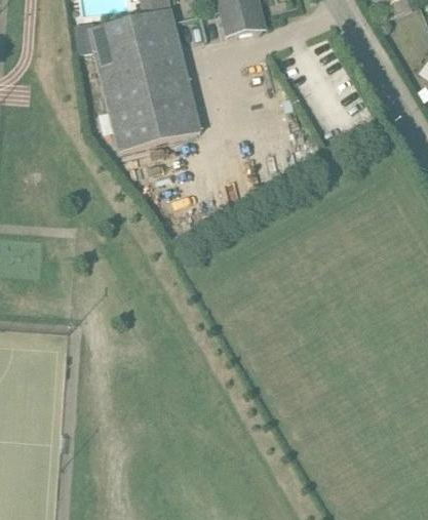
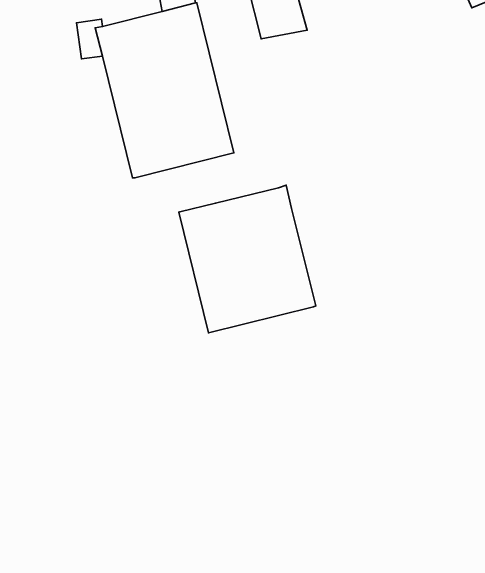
building: none -> [179,185,316,333]

